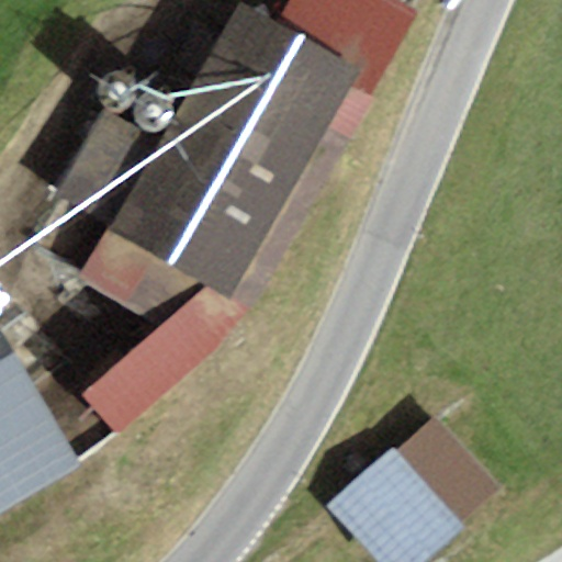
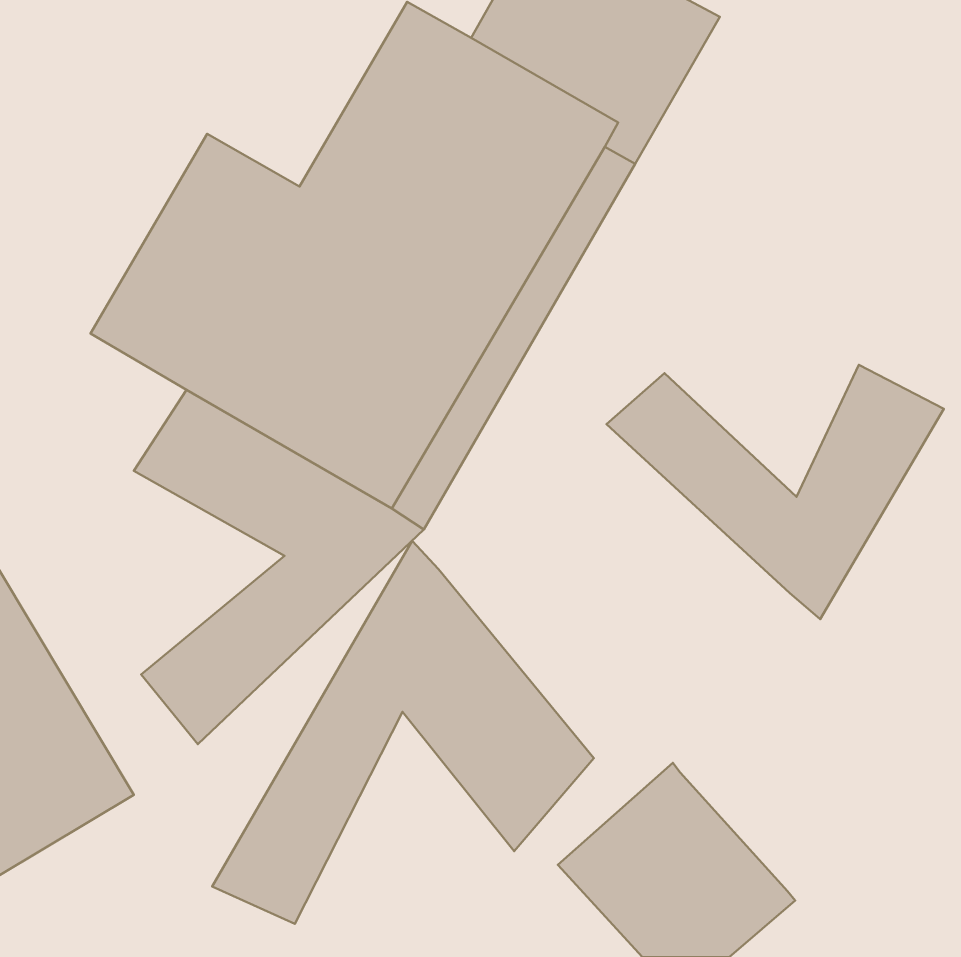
building: none -> [607,365,944,619]
building: none -> [212,541,594,924]
building: [396,417,496,519] -> none

